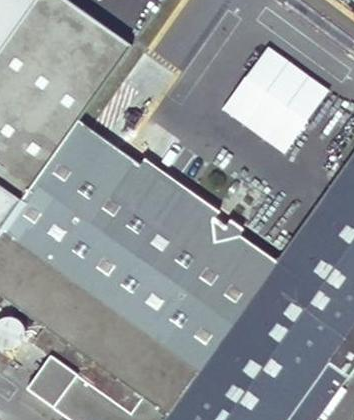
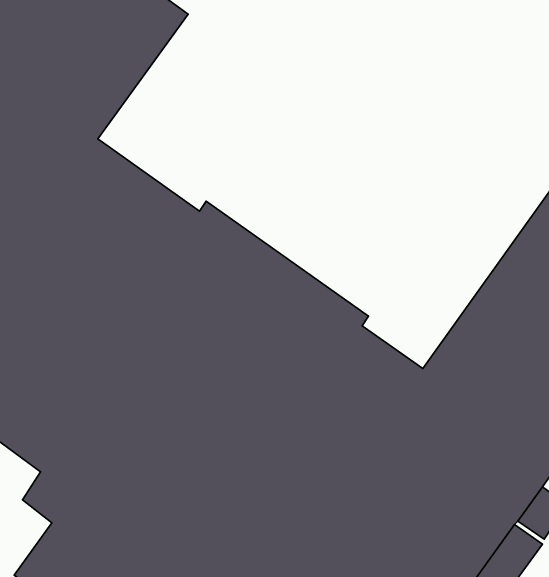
building: [228,47,336,156] -> none

